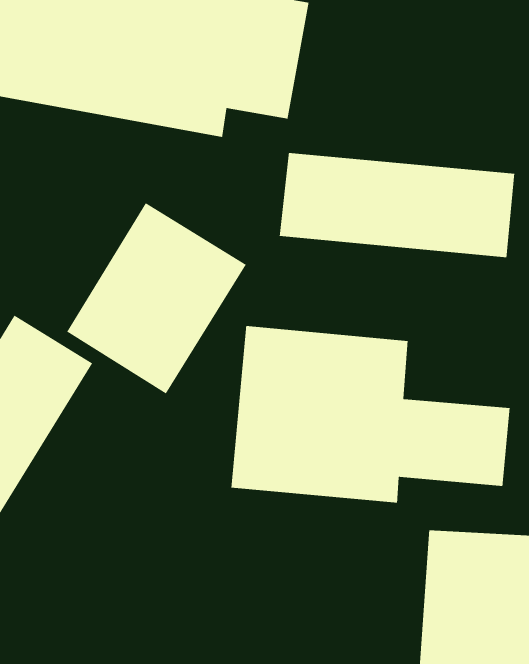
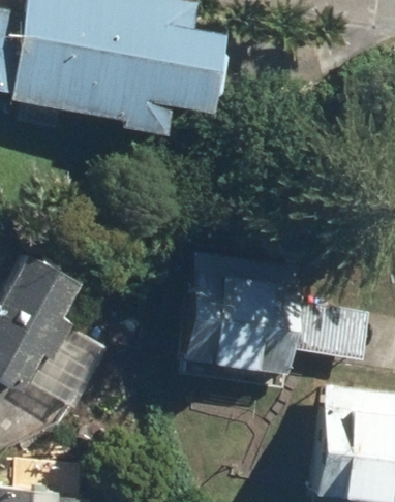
building: [279,152,515,258] -> none
building: [66,202,247,394] -> none

